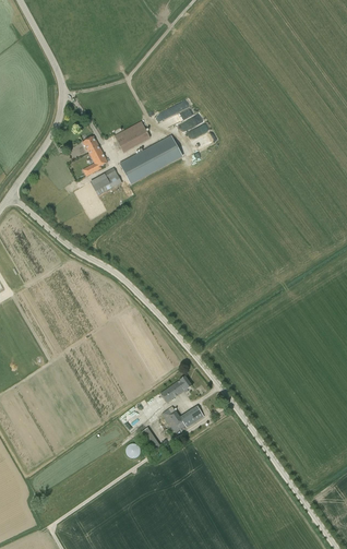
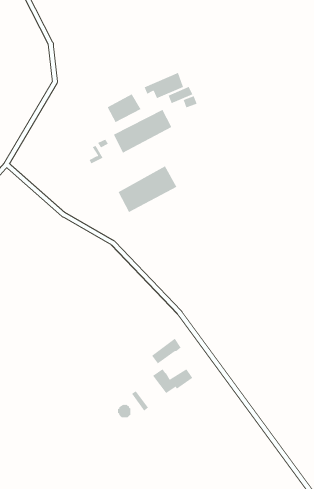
building: [83,135,107,176] -> none
building: none -> [118,166,177,213]

